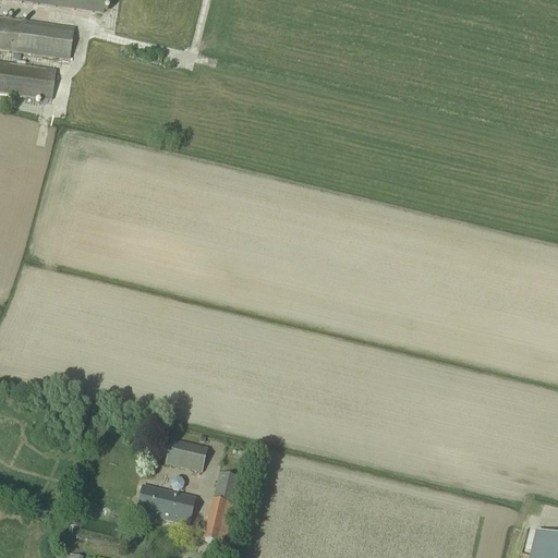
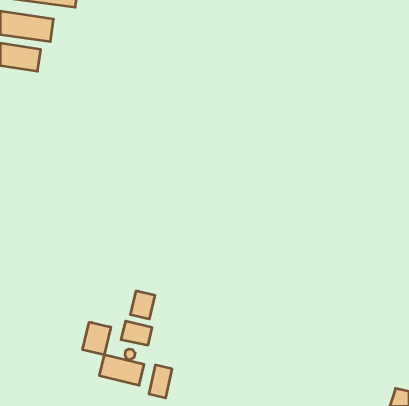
building: none -> [130,291,155,319]
building: none -> [83,322,111,355]
building: [213,471,239,501] -> none

